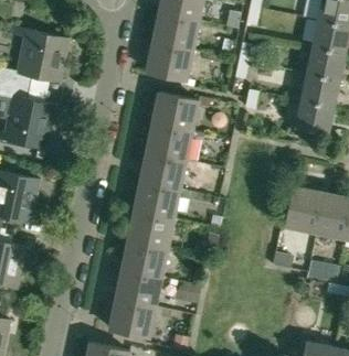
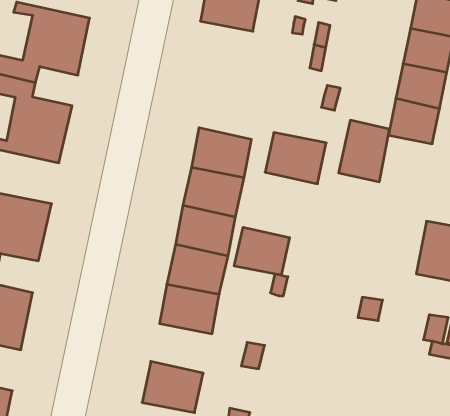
building: [146,42,192,80] -> none
building: [151,93,198,131] -> [265,133,326,184]
building: [285,186,324,233] -> [339,120,390,182]
building: none -> [234,227,290,275]
building: [115,270,161,308] -> none

